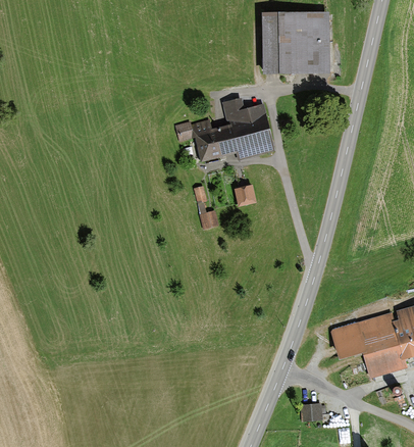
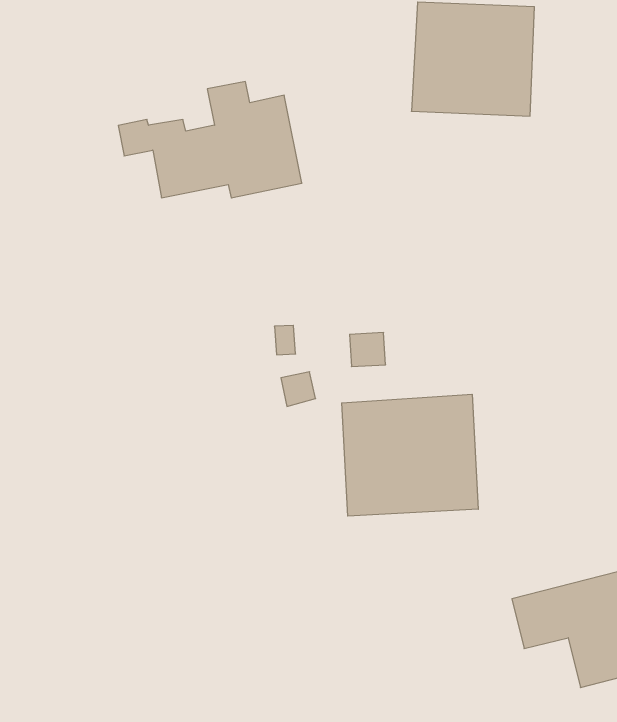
building: [175,101,276,166] -> [118,82,302,198]
building: none -> [342,394,478,516]

